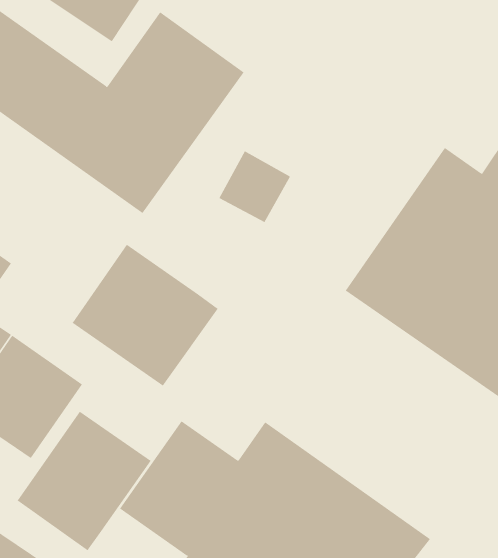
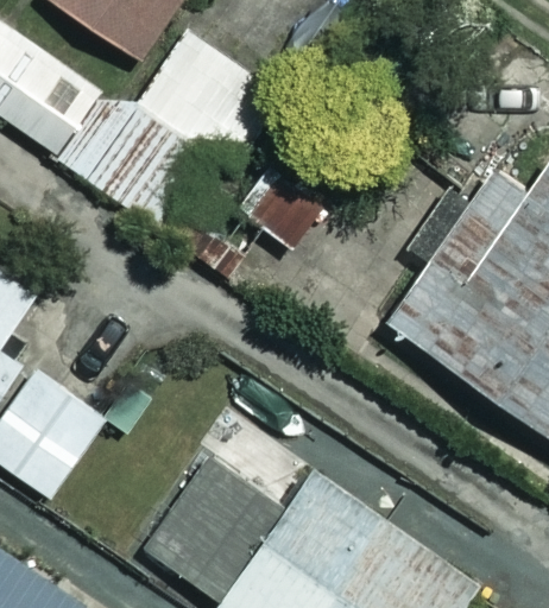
building: [72,244,218,387] -> none
building: [17,411,151,551] -> none

